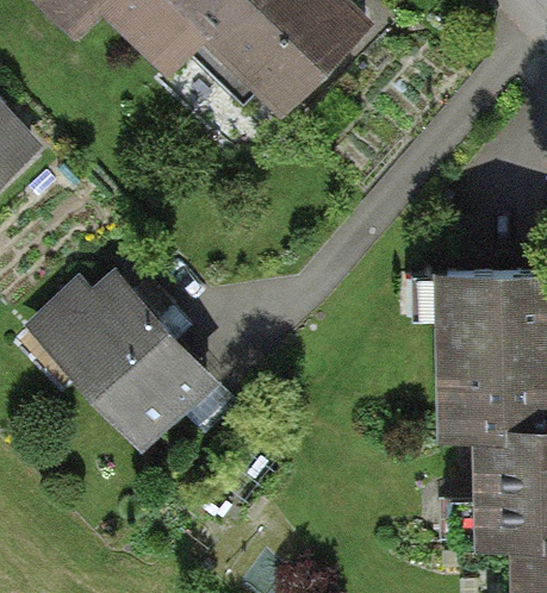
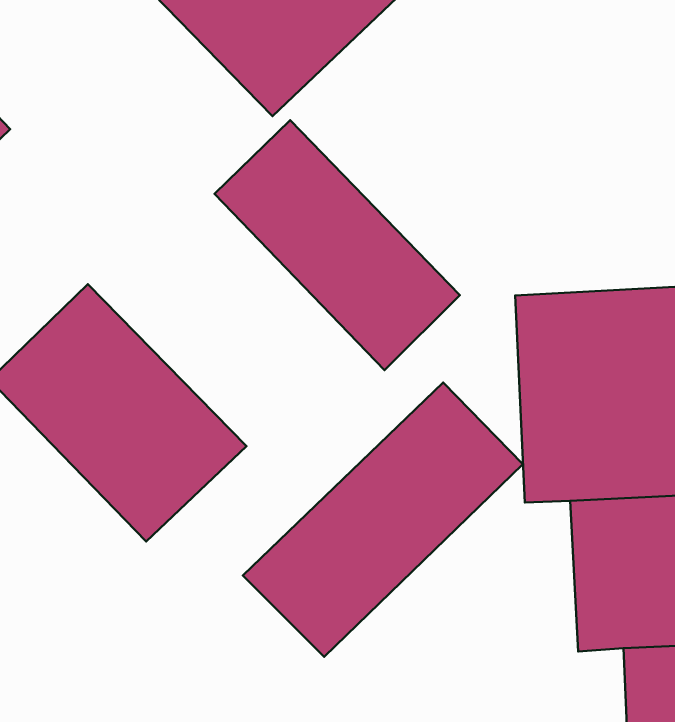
building: none -> [214,120,460,370]
building: none -> [243,382,523,657]

